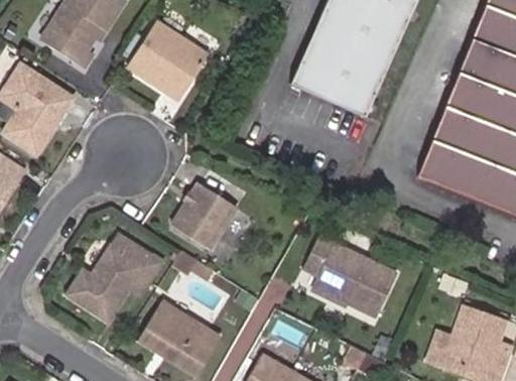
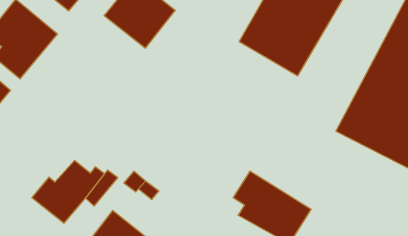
building: [171,182,238,249] -> none

